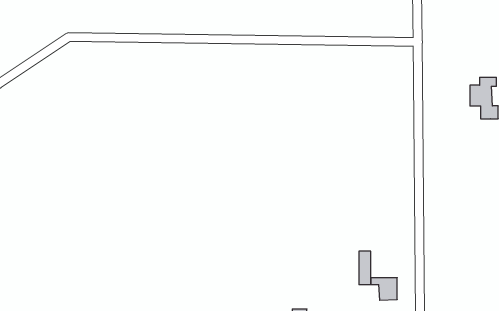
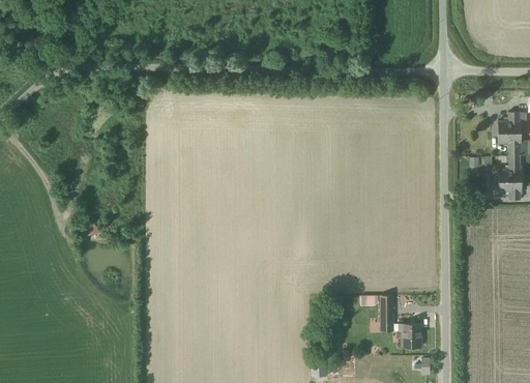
building: none -> [498,156,522,200]

